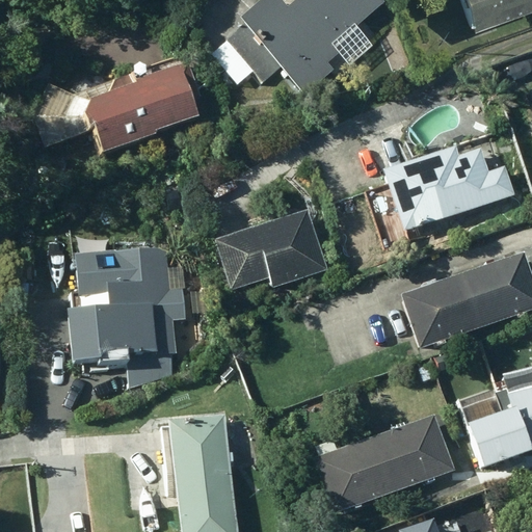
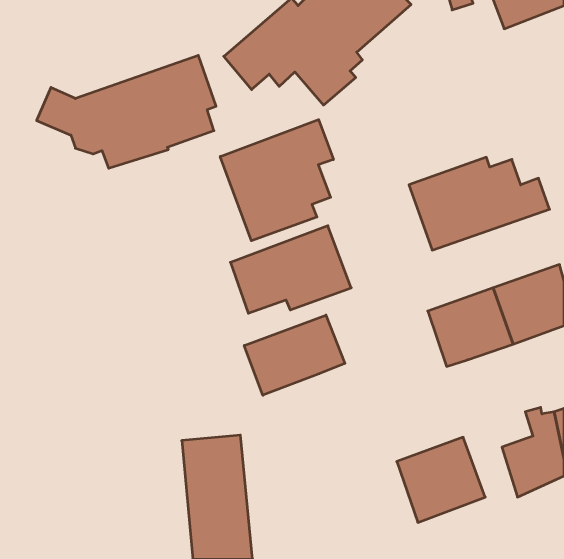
building: none -> [220,120,333,241]
building: [68,251,185,390] -> none
building: none -> [244,315,345,395]
building: [314,433,392,511] -> none

